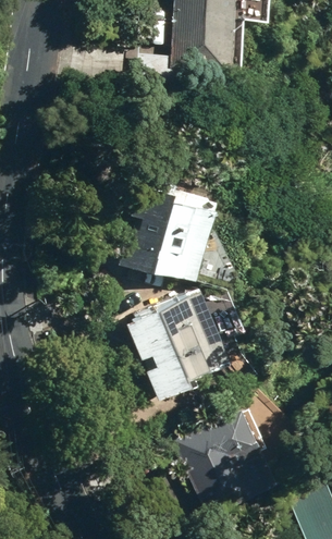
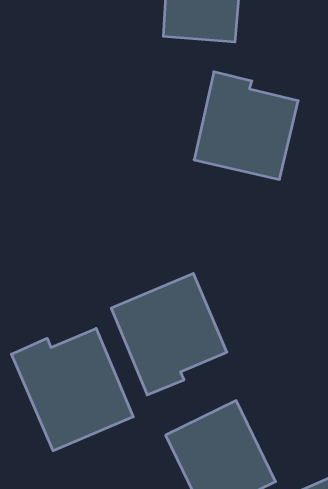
building: [116,182,214,283] -> [194,72,298,179]
building: none -> [11,328,133,451]

